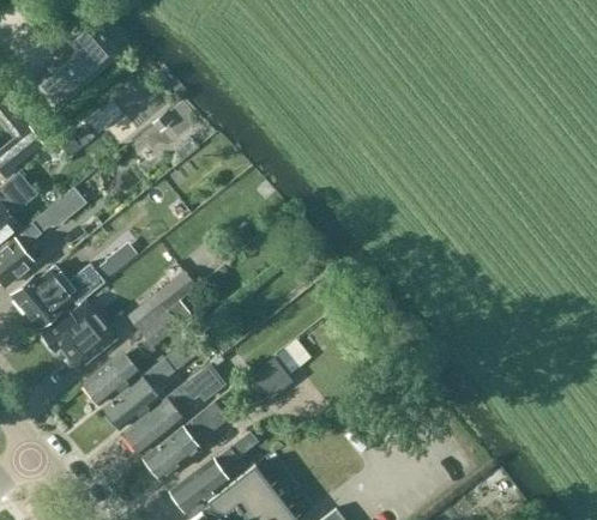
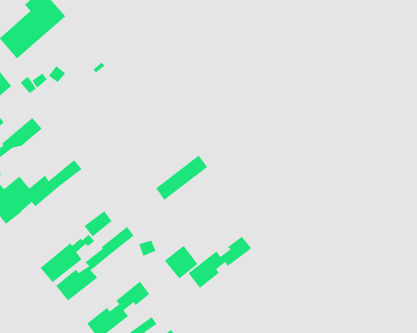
building: [126,270,195,331] -> [155,154,208,201]
building: [41,298,115,370] -> none
building: none -> [187,236,252,289]
building: [122,364,223,454] -> none

